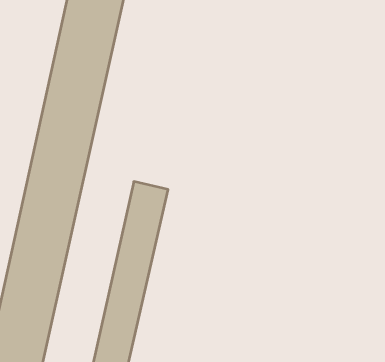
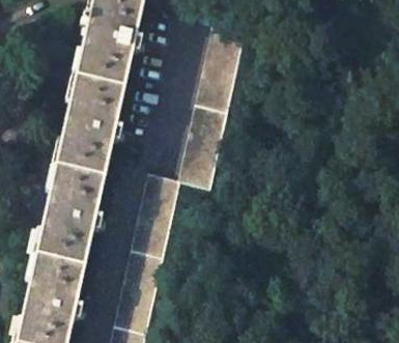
building: none -> [180,32,245,189]

